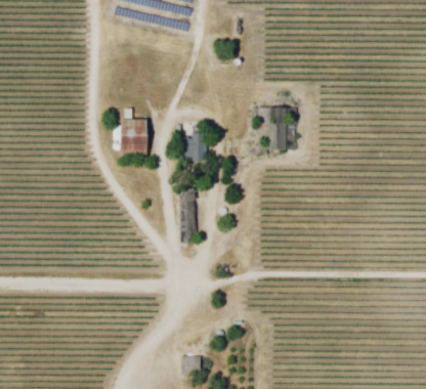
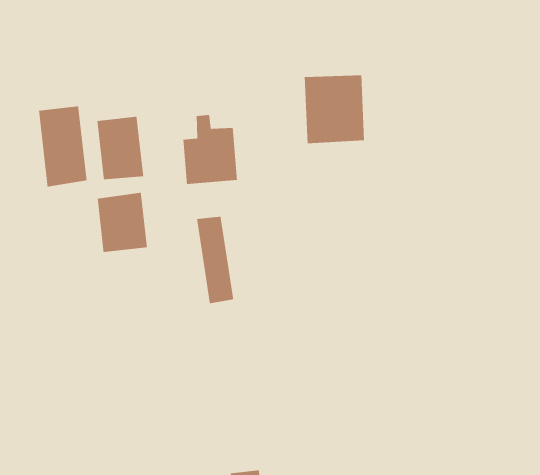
building: none -> [38,105,87,187]
building: none -> [97,192,148,253]

